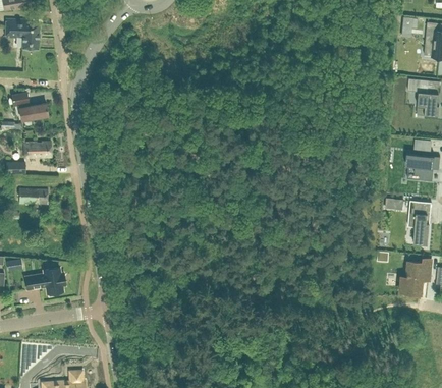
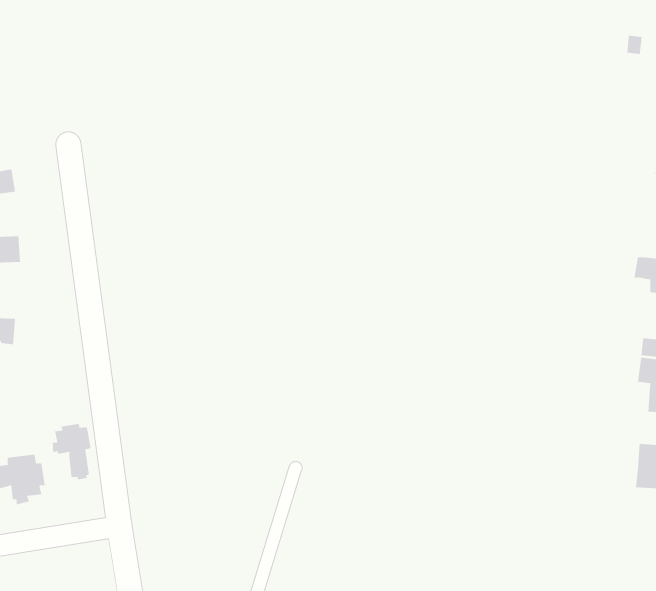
building: none -> [52,423,91,480]

